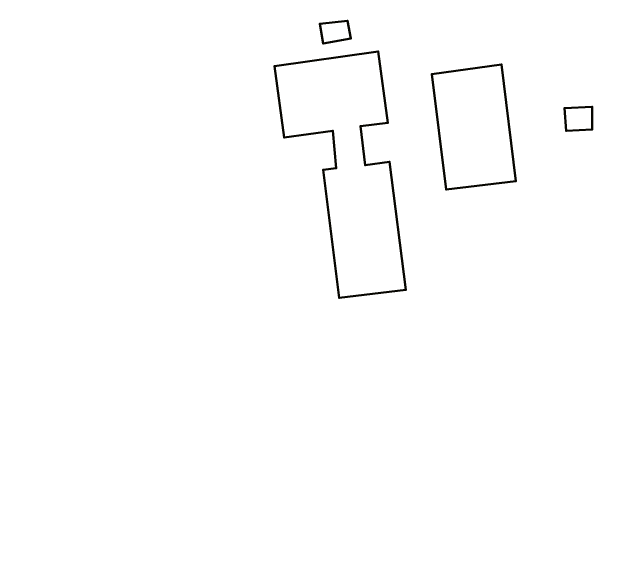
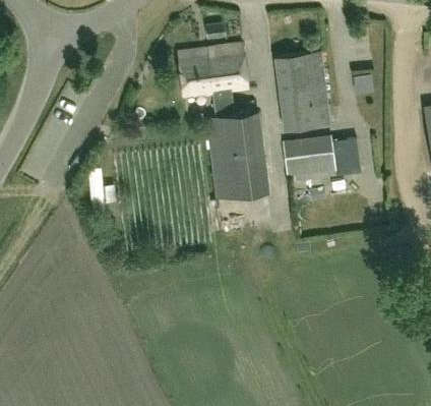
building: none -> [282,134,362,179]

